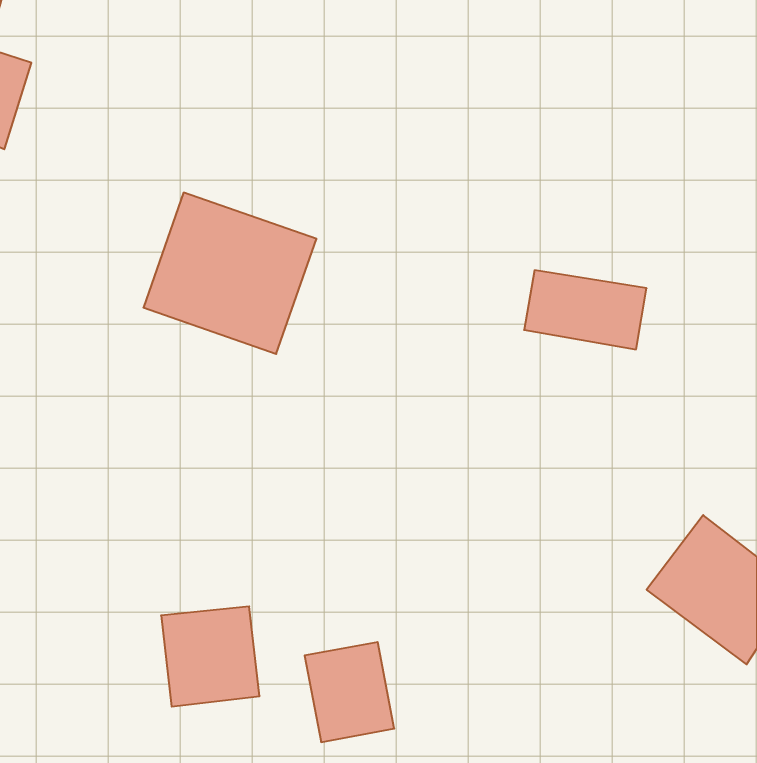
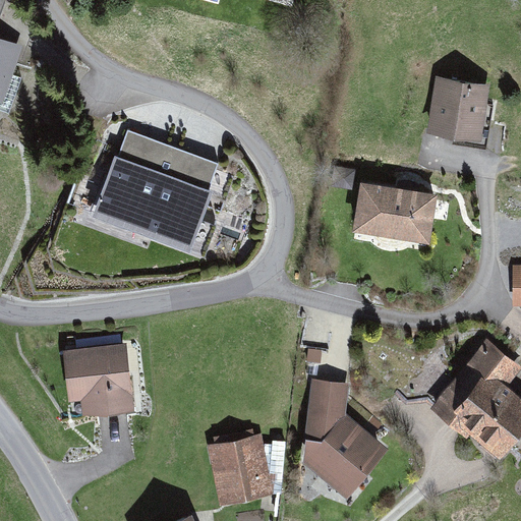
building: none -> [437,75,488,133]
building: none -> [303,384,389,502]
building: [161,606,260,707] -> [59,347,126,415]

